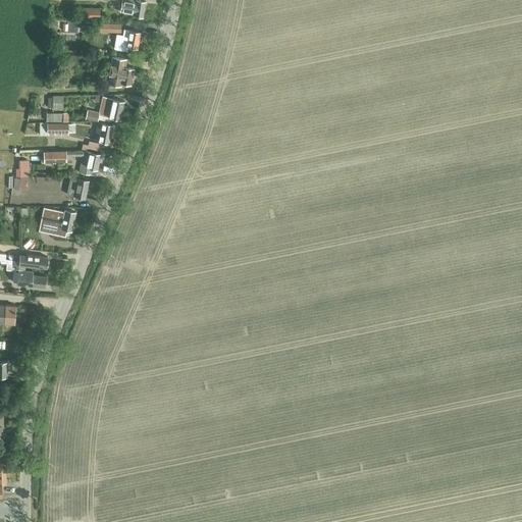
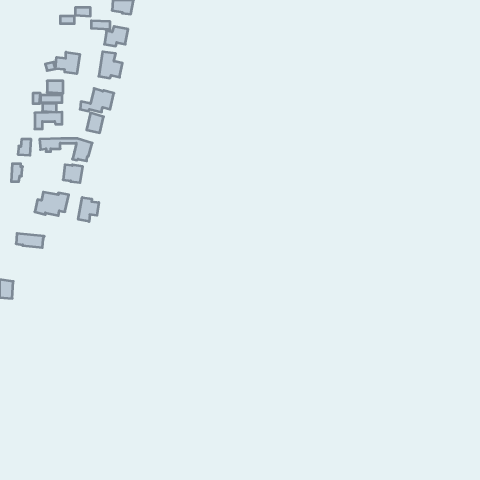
building: none -> [56,52,80,74]
building: none -> [78,197,99,222]
building: [5,264,45,288] -> none

